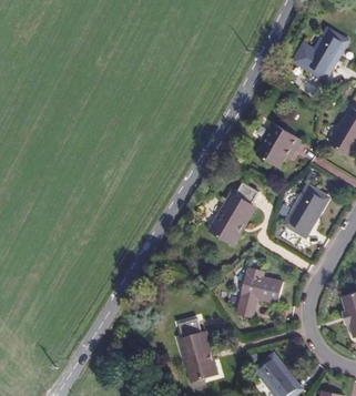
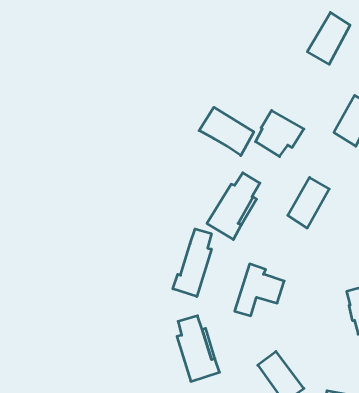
building: none -> [199,107,254,156]
building: none -> [173,229,211,297]

